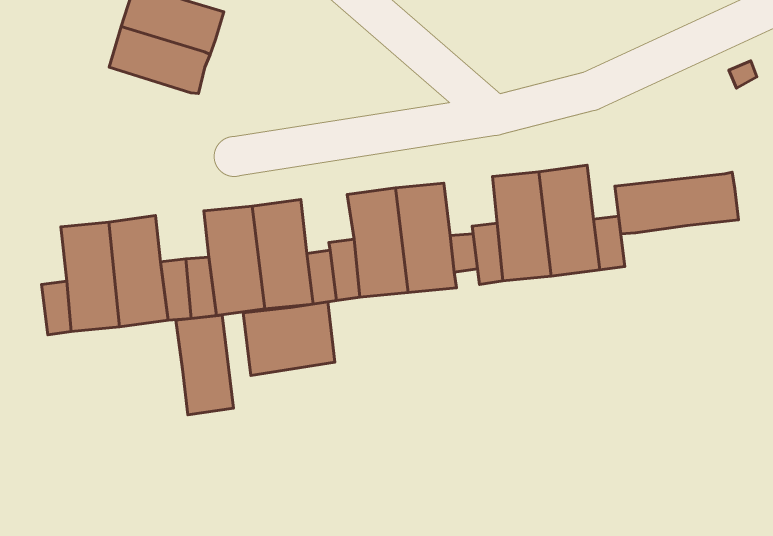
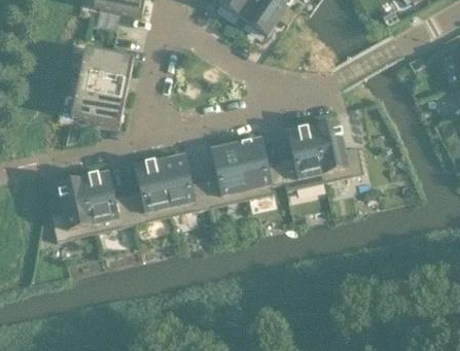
building: none -> [70,92,123,124]
building: [615,172,738,234] -> none
building: [243,302,335,376] -> none
building: [176,315,234,415] -> none

